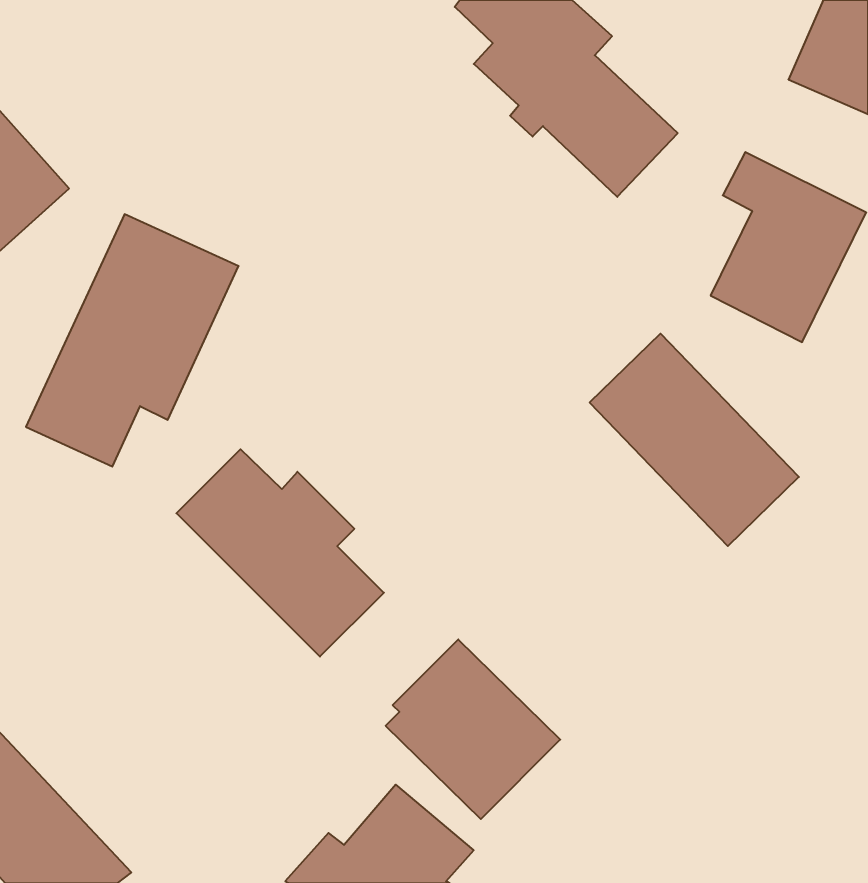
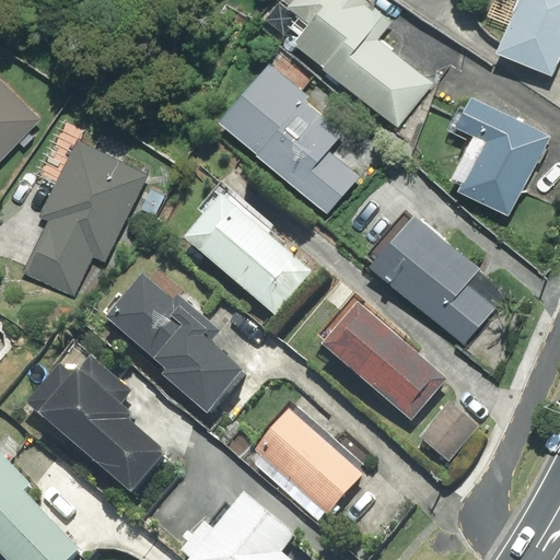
building: none -> [219,63,360,215]
building: none -> [190,198,312,317]
building: none -> [323,300,445,418]
building: none -> [21,346,174,501]
building: none -> [413,401,477,466]

